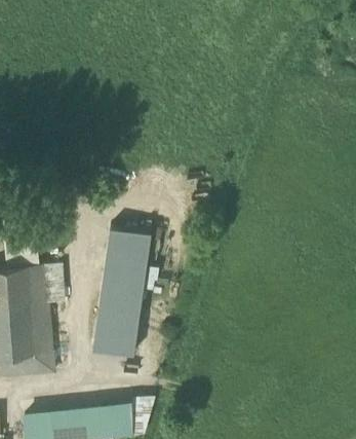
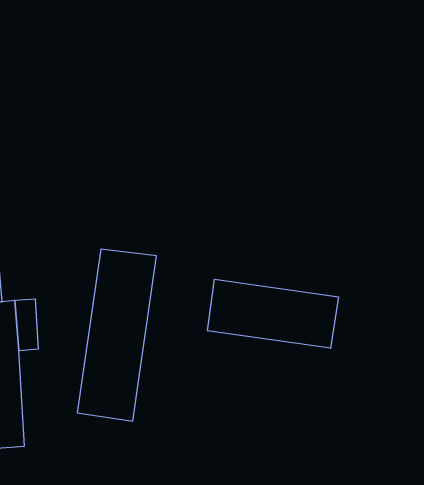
building: none -> [207,279,339,348]

